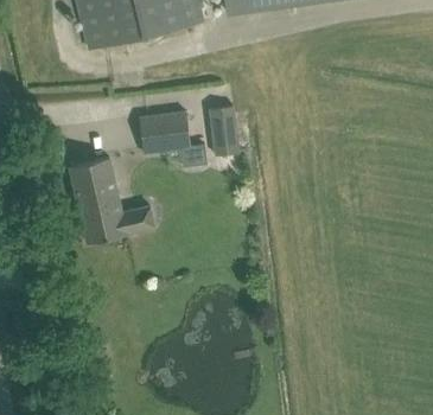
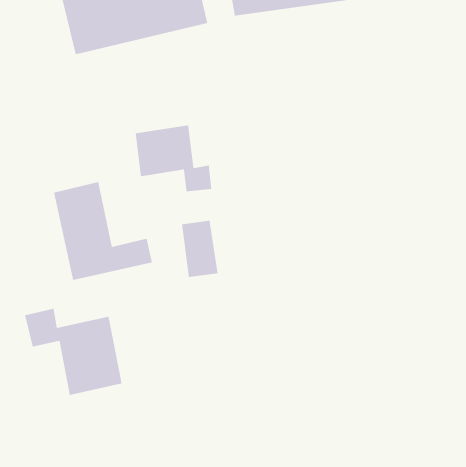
building: [208,104,240,154] -> [181,220,219,278]
building: none -> [24,308,123,396]

